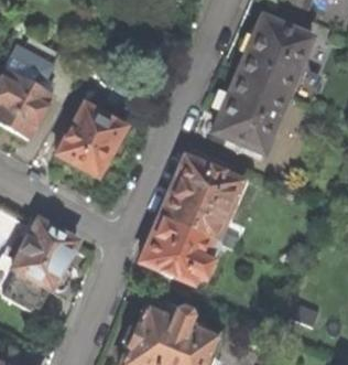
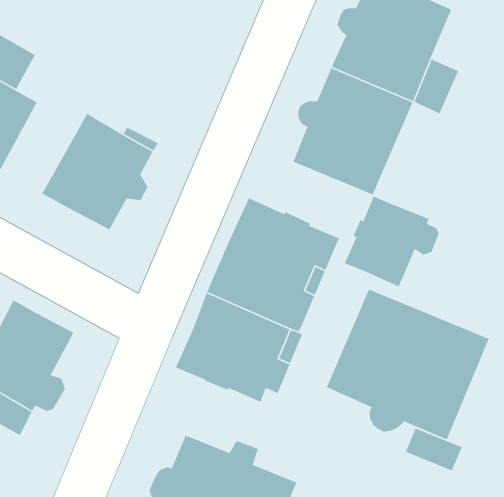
building: none -> [344,195,440,287]
building: none -> [326,289,490,441]

